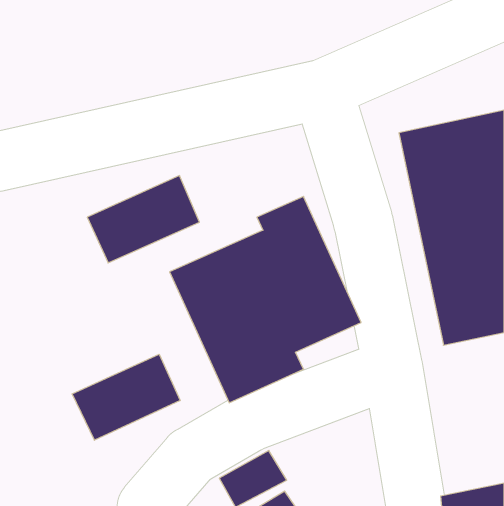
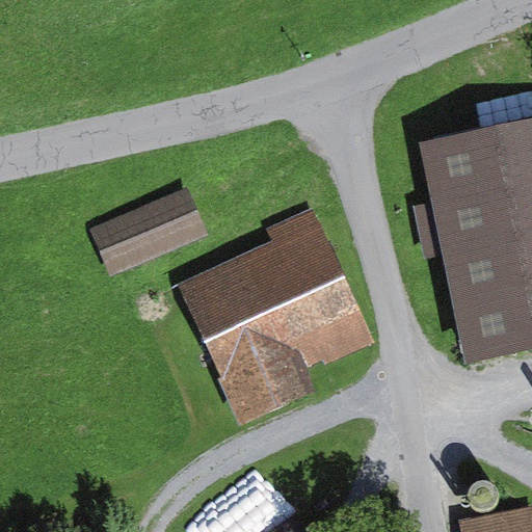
building: [72,354,180,440] -> none

